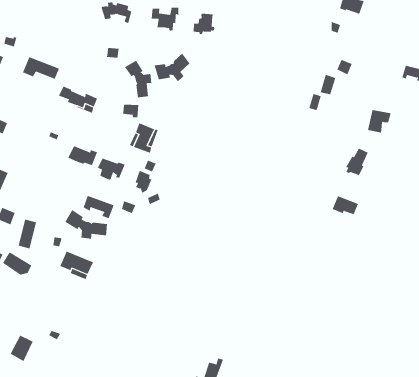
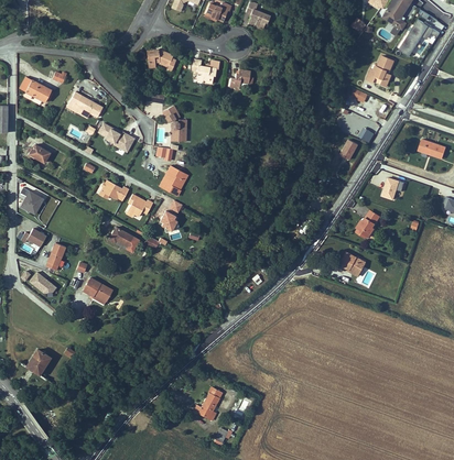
building: [154,53,190,82] -> none
building: [65,209,107,239] -> none

